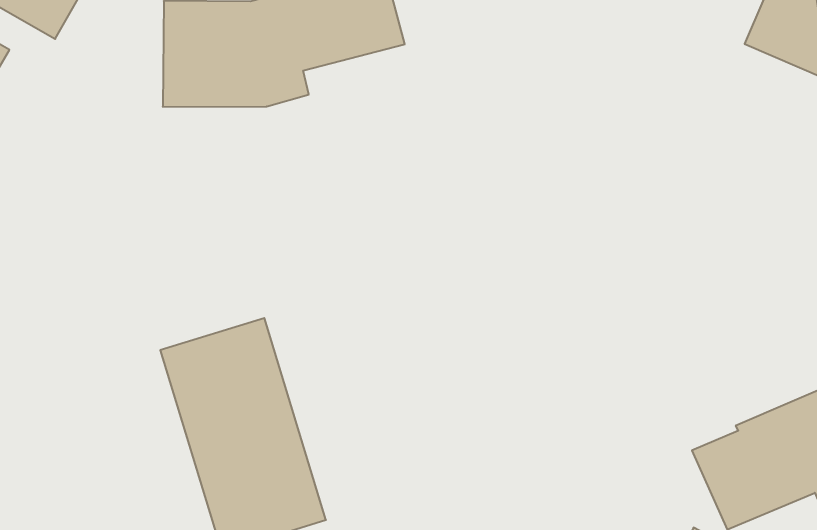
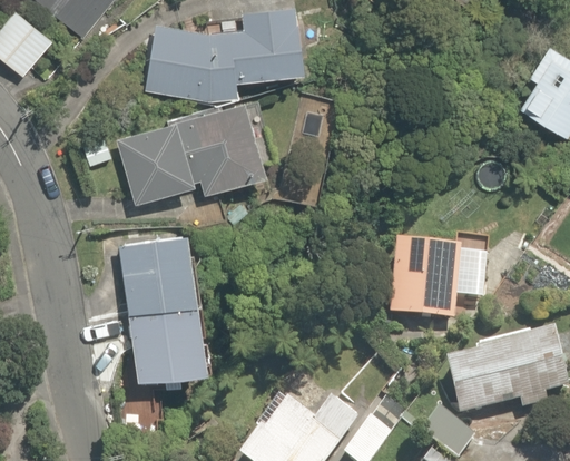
building: none -> [117,100,266,203]
building: none -> [390,243,459,320]

